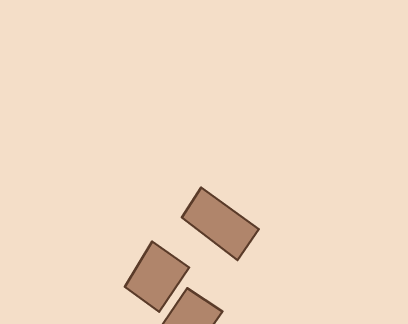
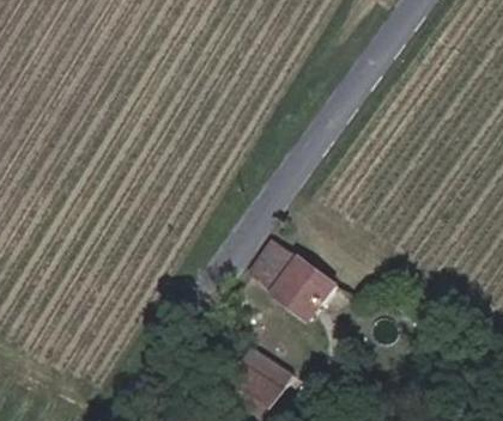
building: [125,242,189,312] -> none

